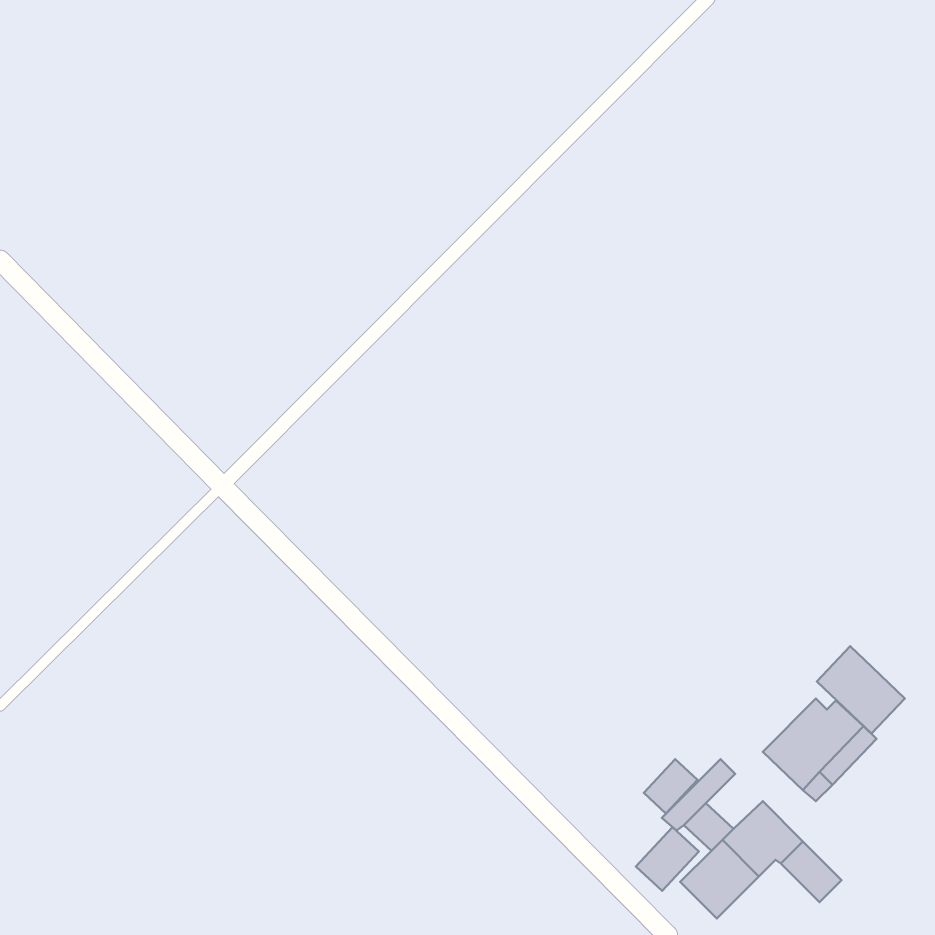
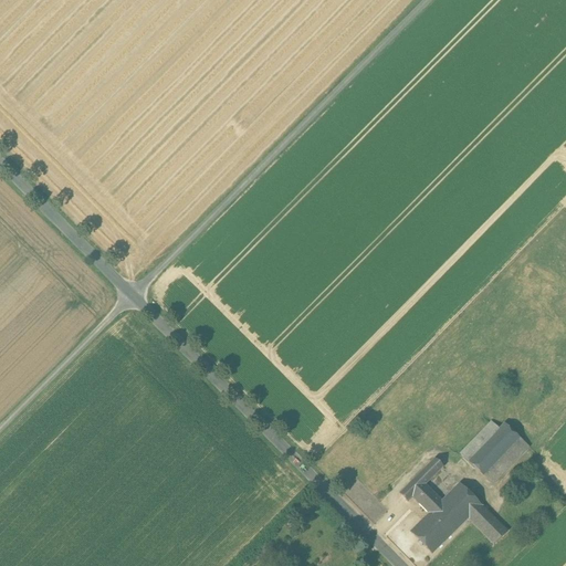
building: [817,646,905,734] -> none
building: [644,759,697,814] -> none
building: [636,827,699,891] -> none

